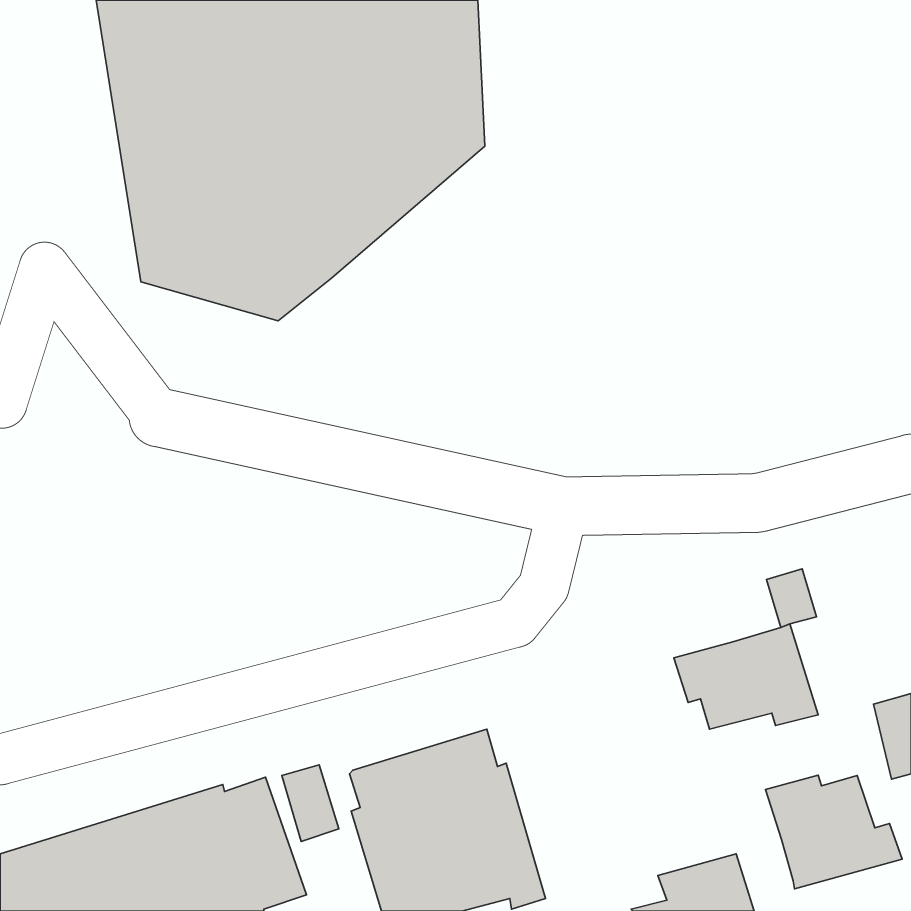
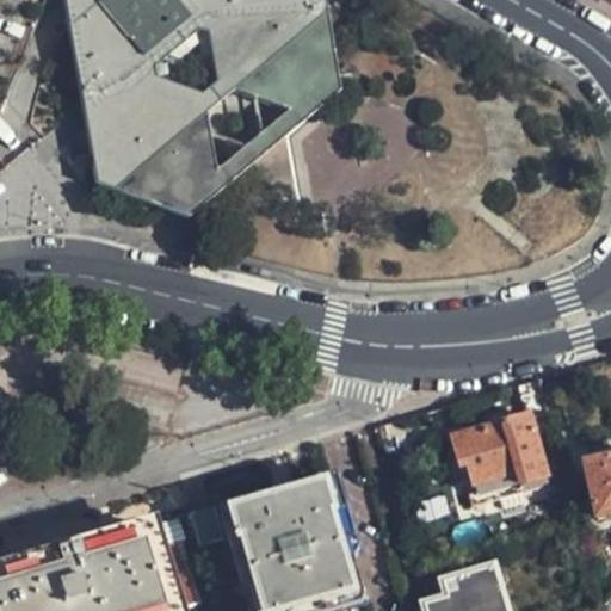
building: [765,775,902,889] -> none

